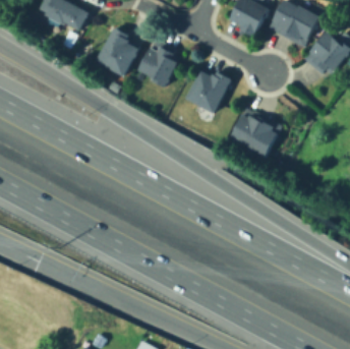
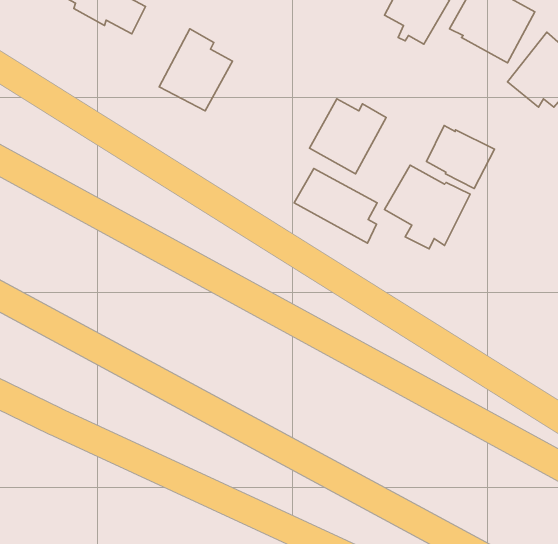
building: [139,39,181,86] -> none
building: none -> [426,126,495,188]
building: none -> [294,169,377,243]

